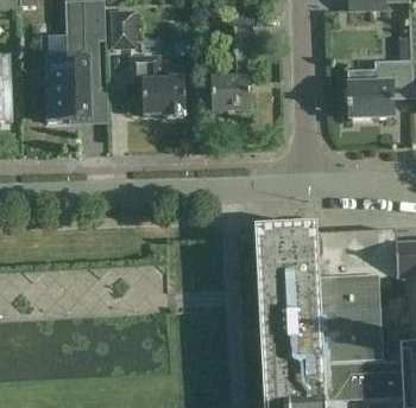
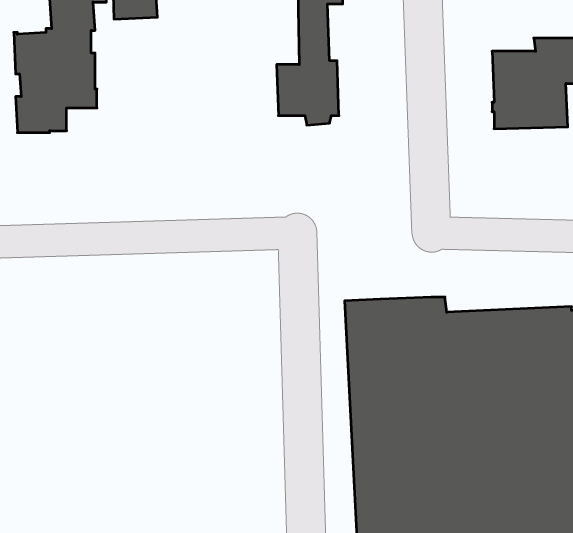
building: [131,57,187,116] -> none

